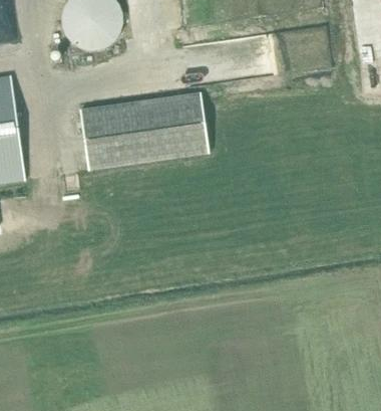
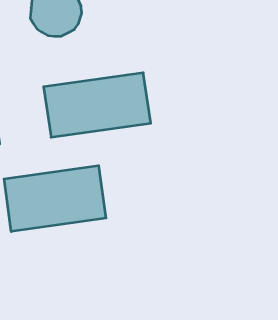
building: none -> [4,166,106,232]

